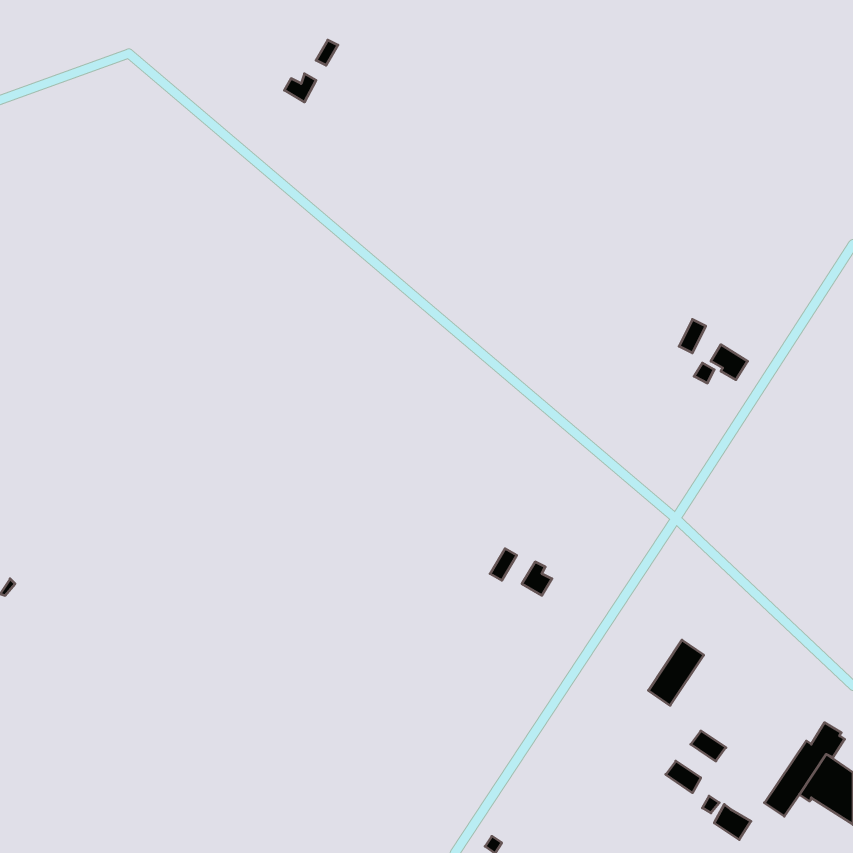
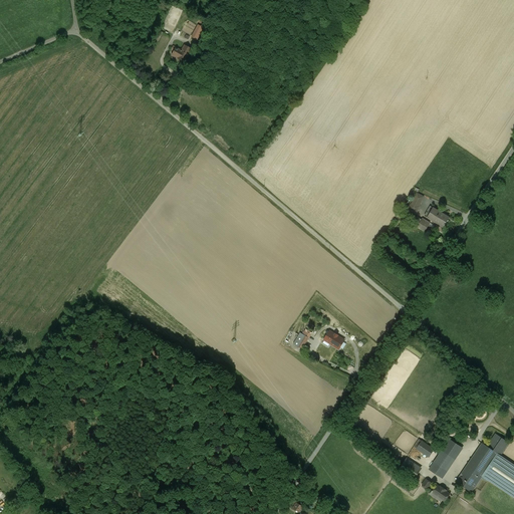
building: [648,640,704,705] -> [429,439,462,478]

